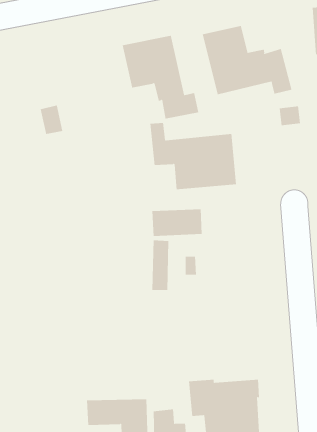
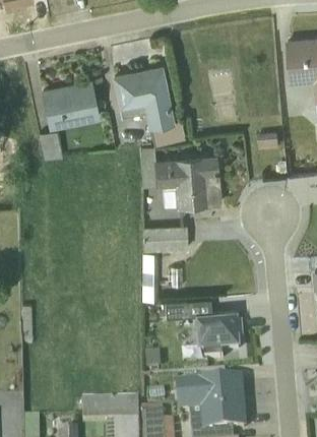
building: [202,25,292,95] -> none
building: none -> [44,76,99,125]
building: none -> [167,297,242,357]

